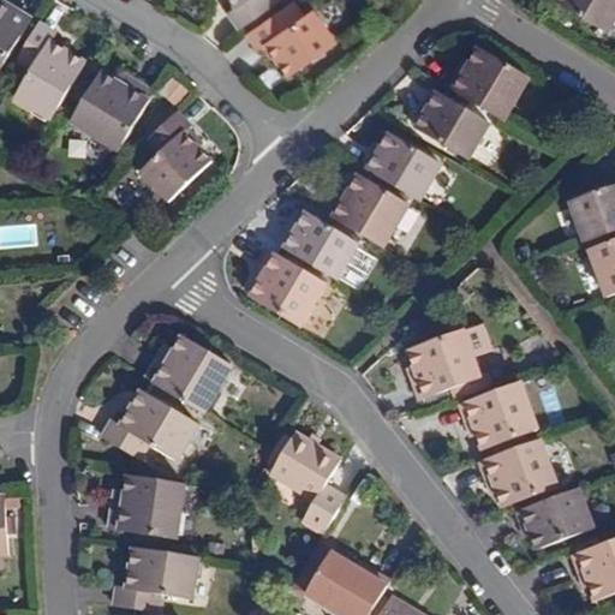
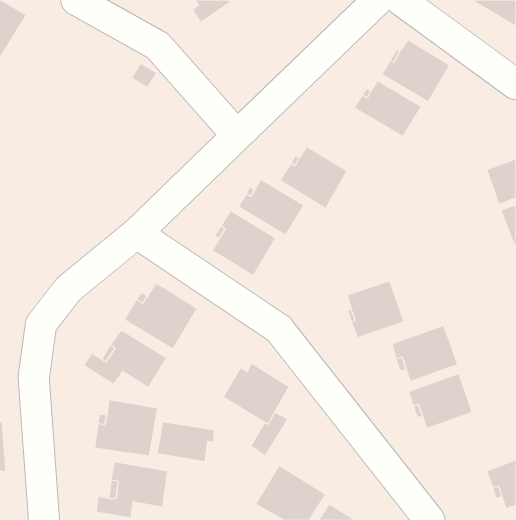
building: [246,8,333,74] -> none
building: [23,28,92,123] -> none
building: [71,71,153,149] -> none
building: [141,112,209,199] -> none
building: [366,132,443,198] -> none
building: [517,489,593,550] -> none
building: none -> [157,422,214,462]

